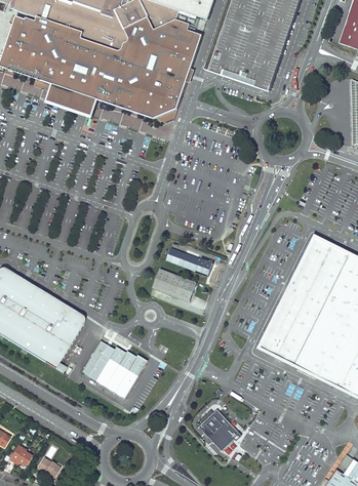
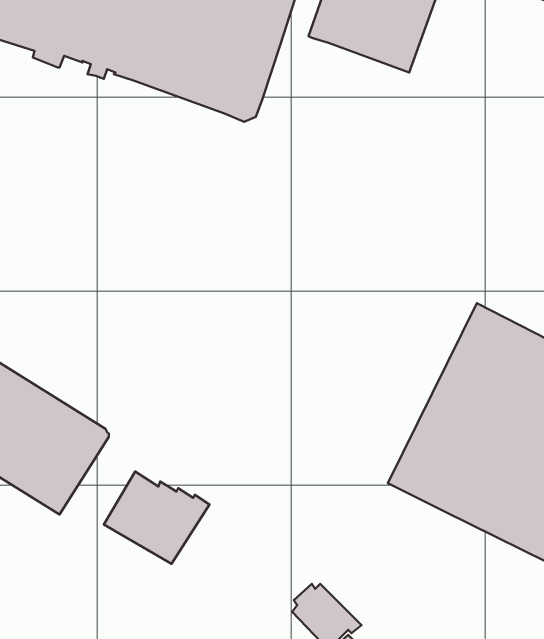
building: [49,82,100,116] -> none
building: [166,247,213,277] -> none
building: [153,269,197,301] -> none

